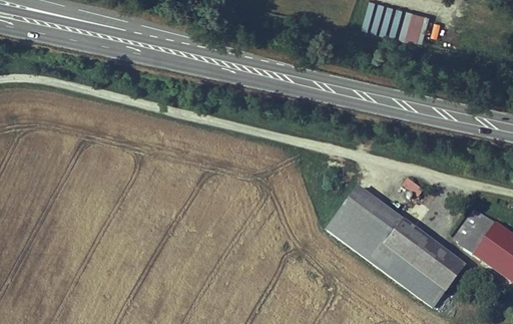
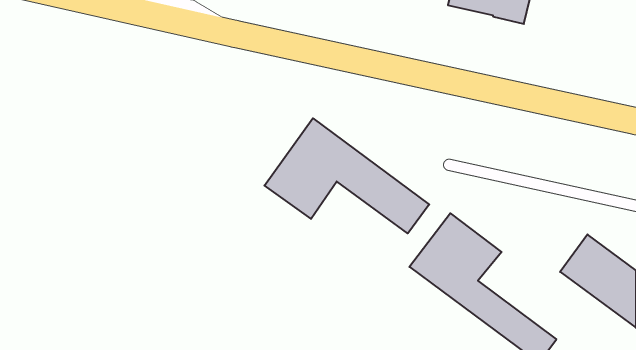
building: none -> [264,118,429,233]
building: [385,219,466,289] -> none

